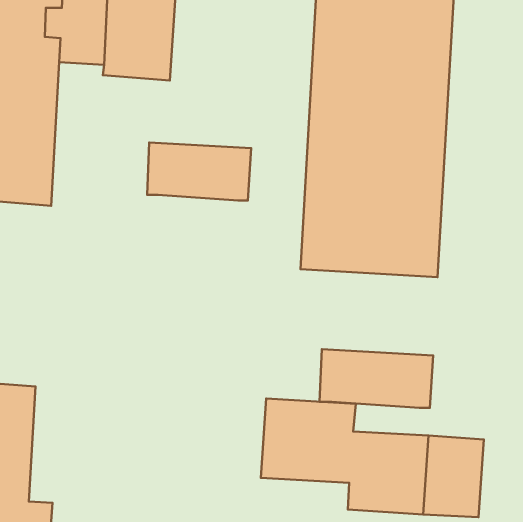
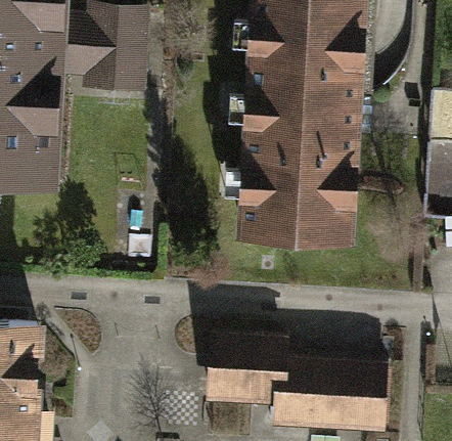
building: [147,142,251,201] -> none
building: [320,349,433,408] -> none

